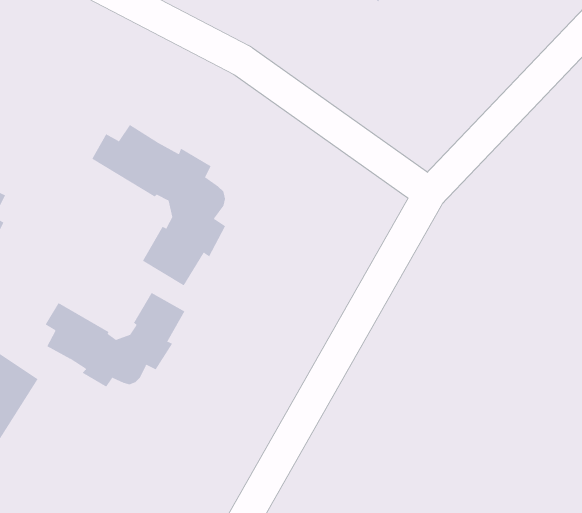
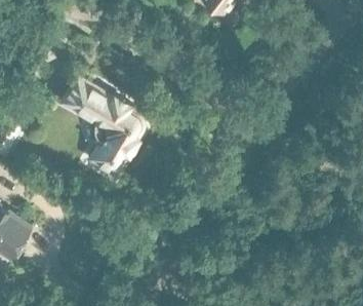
building: [45,292,185,388] -> none

